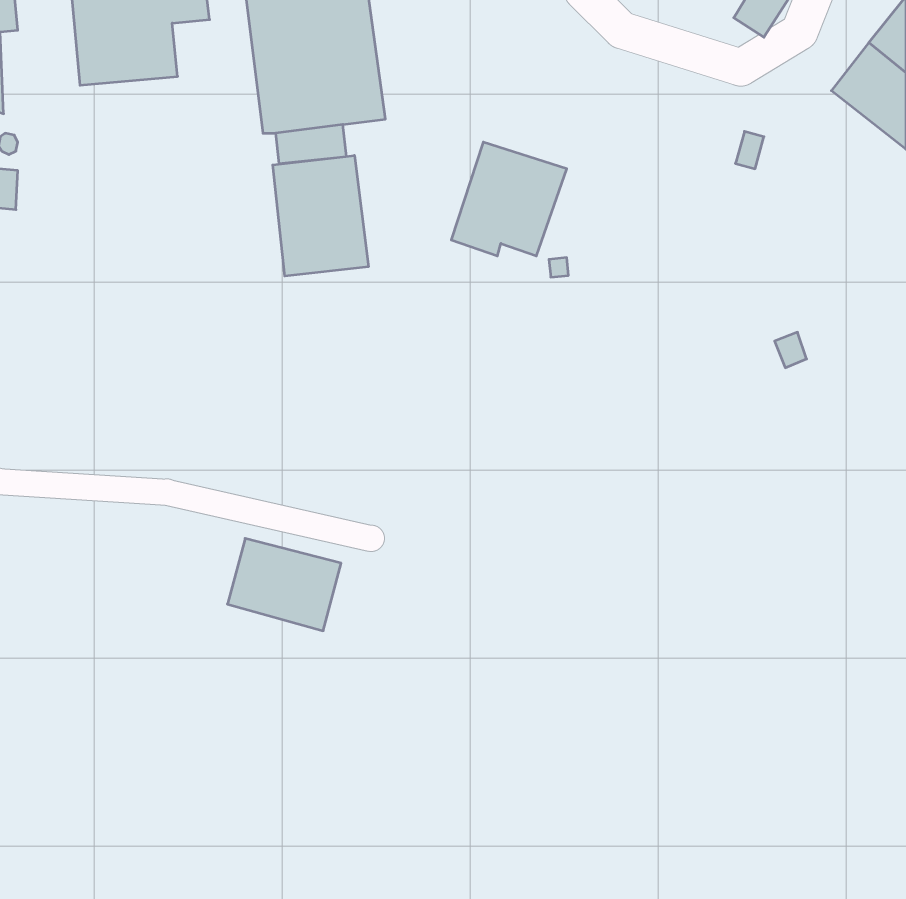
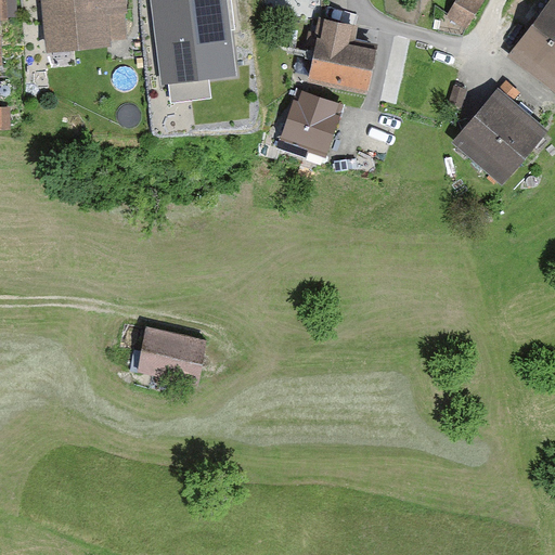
building: none -> [305,17,377,94]
building: none -> [450,77,548,185]
building: [273,155,368,276] -> none

